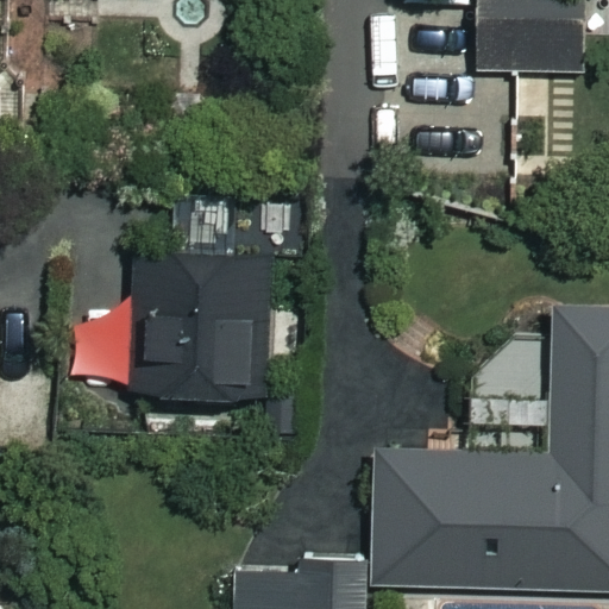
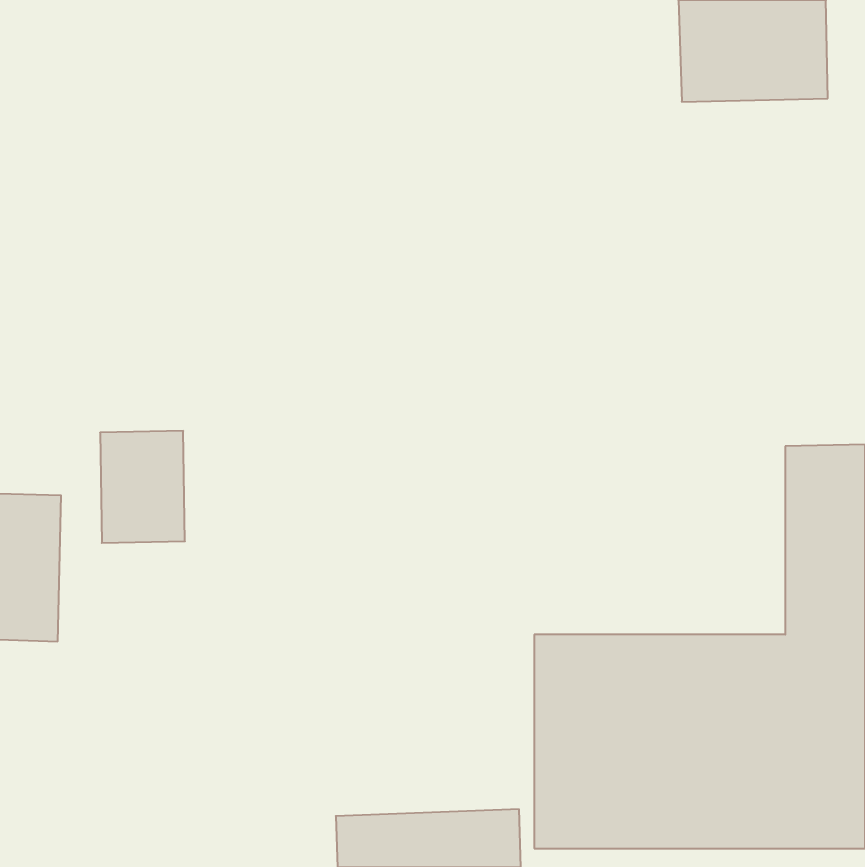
building: [146,239,277,398] -> none

